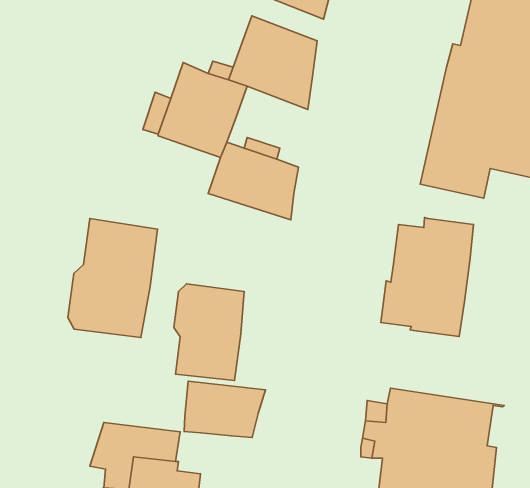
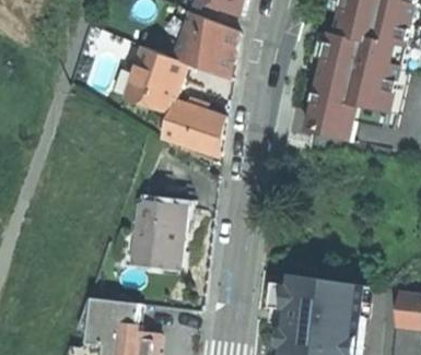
building: [381,218,473,336] -> none
building: [68,219,157,338] -> none
building: [184,381,266,437] -> none

